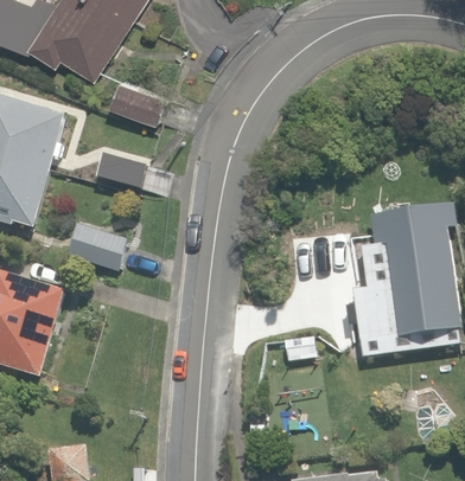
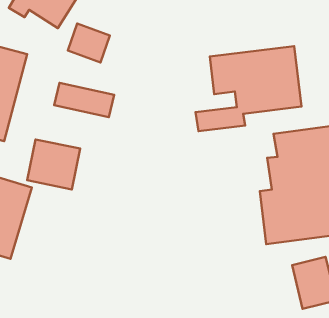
building: none -> [195,46,302,131]

